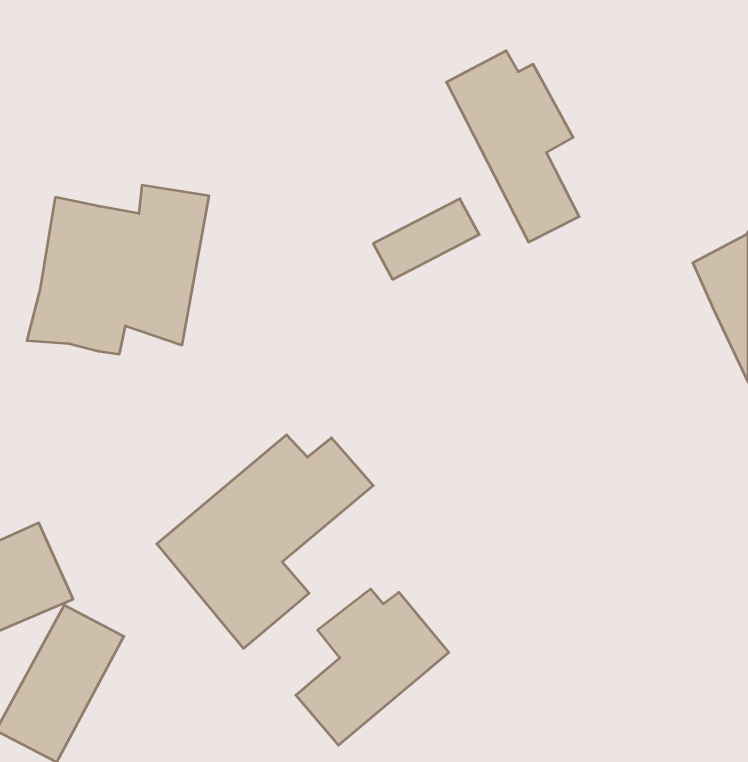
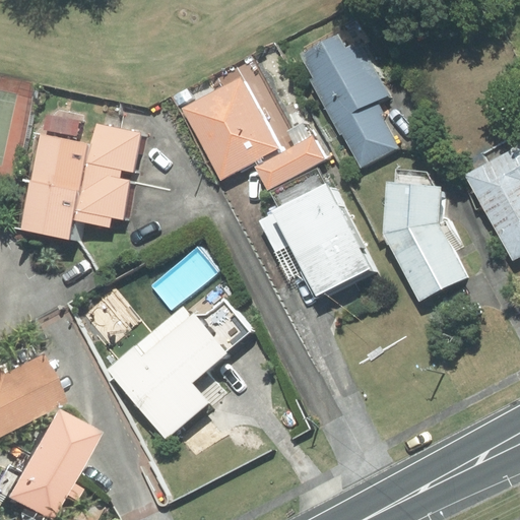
building: none -> [183,78,278,179]
building: none -> [273,169,375,294]
building: none -> [384,185,470,305]
building: [296,589,449,745] -> none

